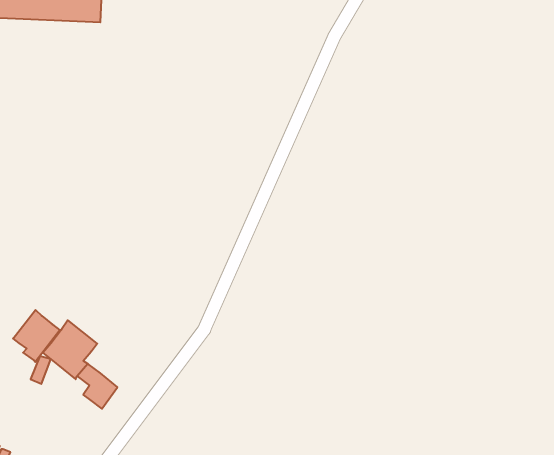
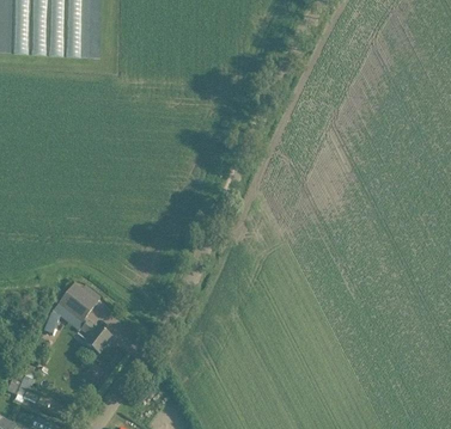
building: [13,310,60,362] -> none

